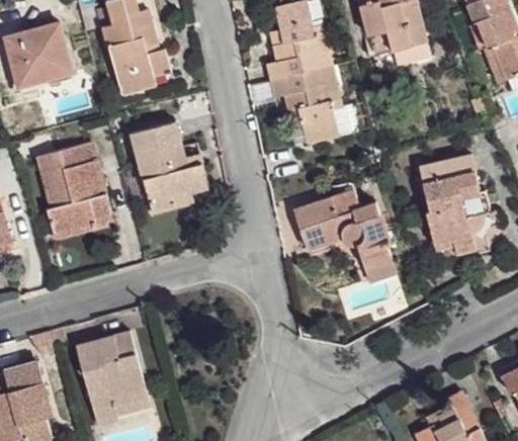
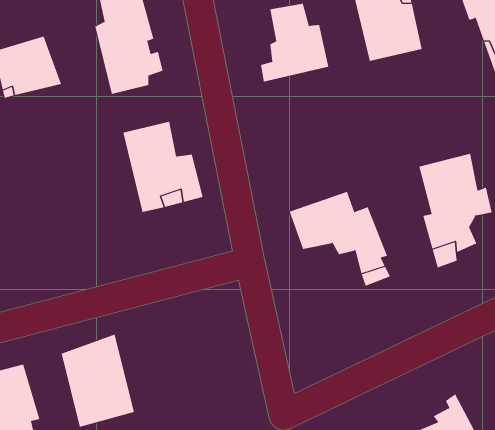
building: [270,67,344,145] -> none
building: [33,145,106,234] -> none

